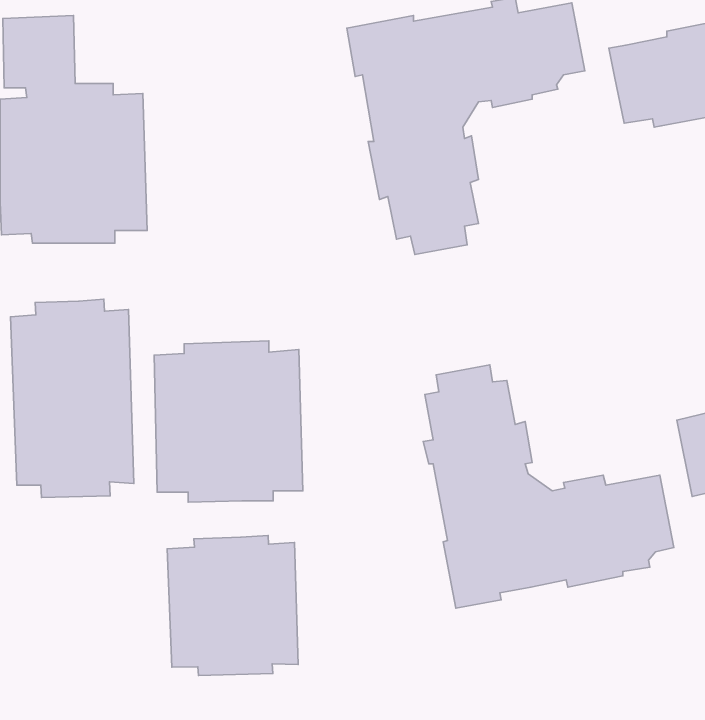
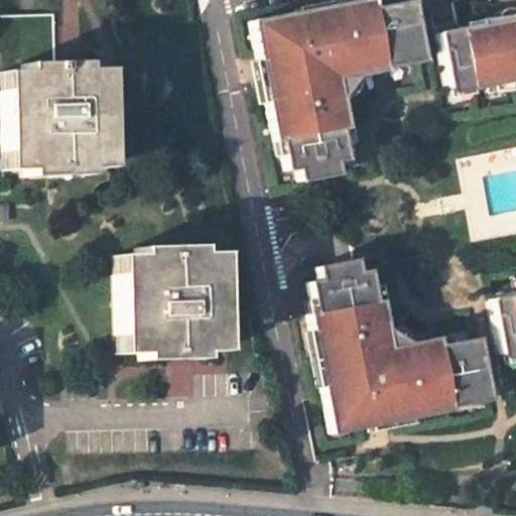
building: [11,299,134,497] -> none
building: [167,536,298,675] -> none

